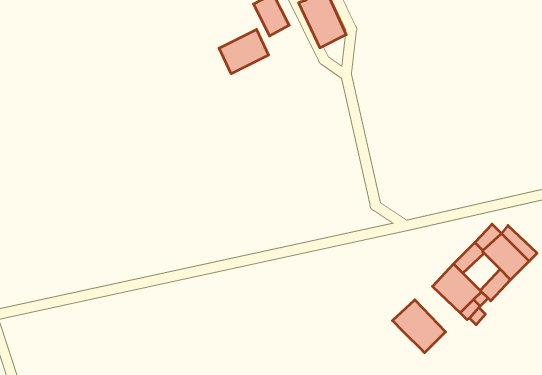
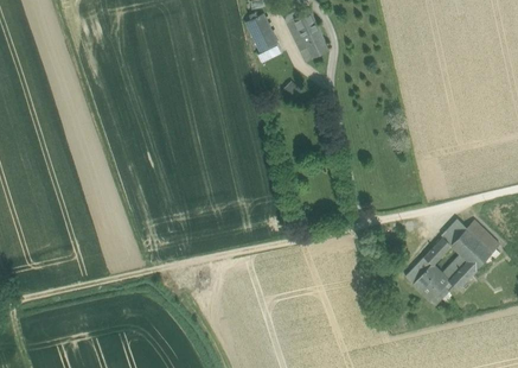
building: [219,29,269,74] -> none
building: [392,300,446,353] -> none

